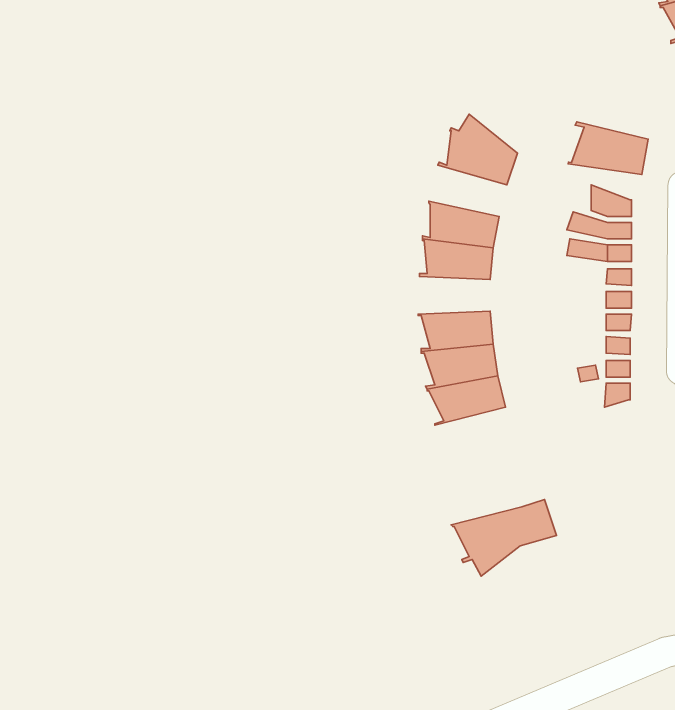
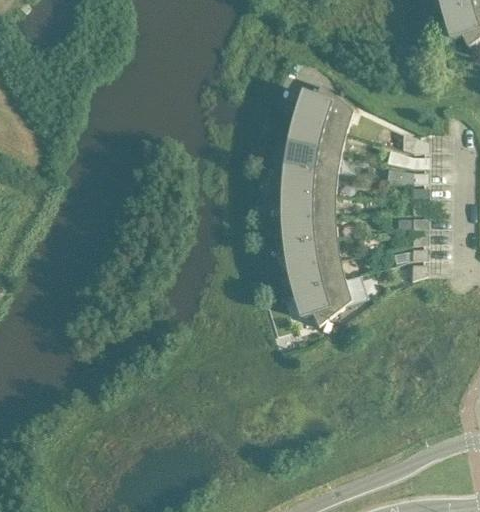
building: [568,122,648,174] -> none
building: none -> [287,120,339,154]
building: none -> [280,194,328,219]
building: [451,499,556,576] -> [291,276,361,327]

